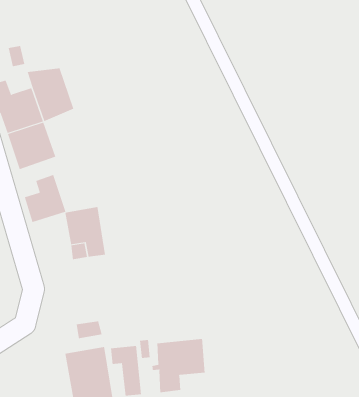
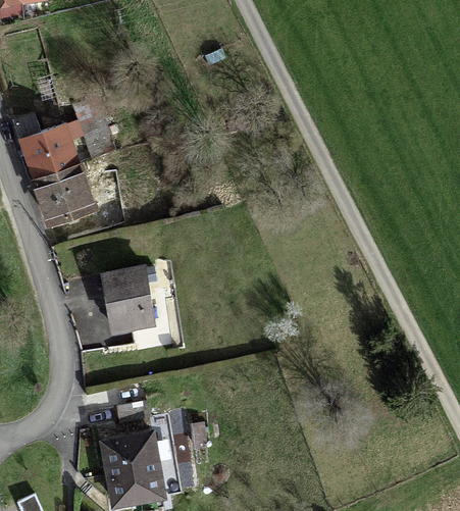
building: [24,174,66,223] -> none
building: [152,338,205,393] -> none

